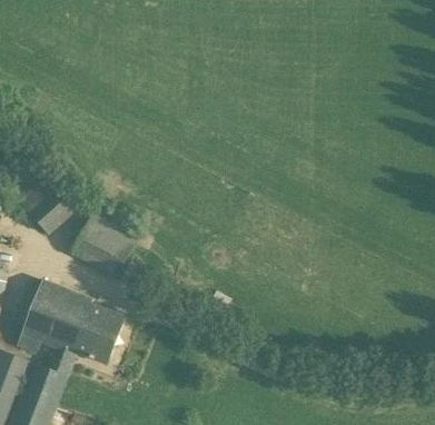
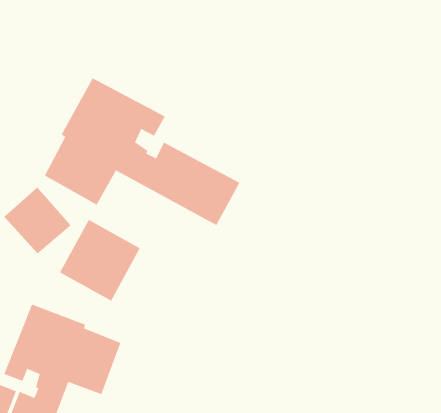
building: none -> [44,78,240,226]

